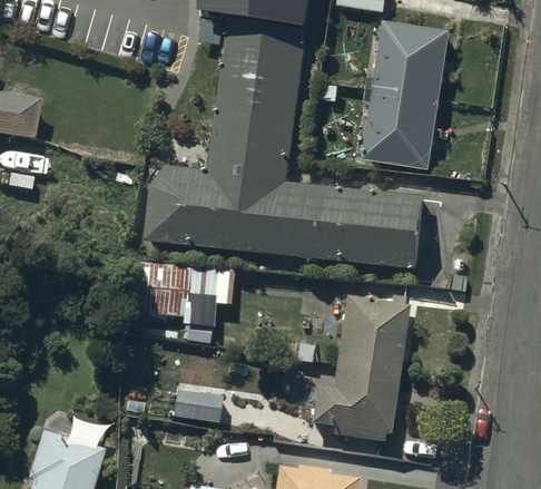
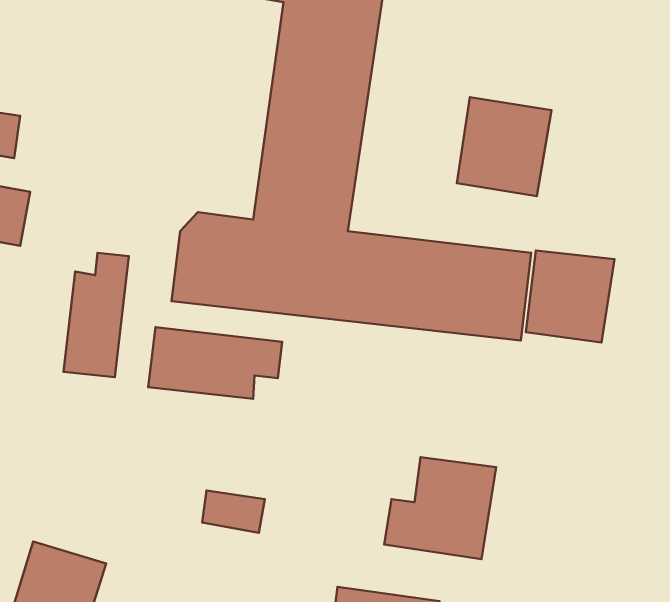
building: [377,22,450,98] -> none
building: none -> [63,253,129,377]
building: [340,301,407,371] -> [526,251,614,342]

